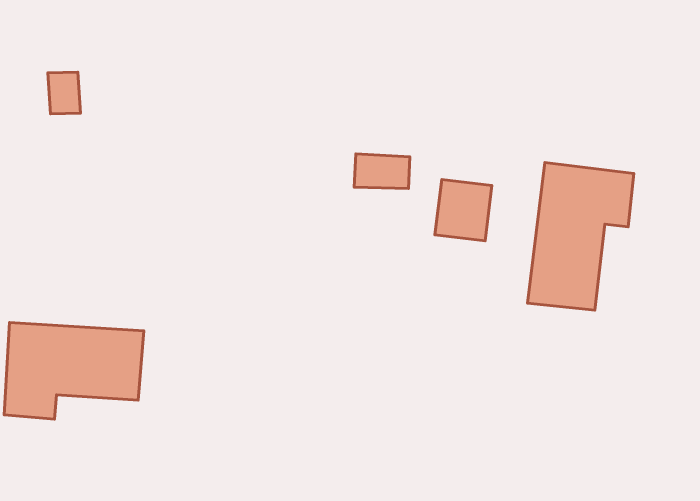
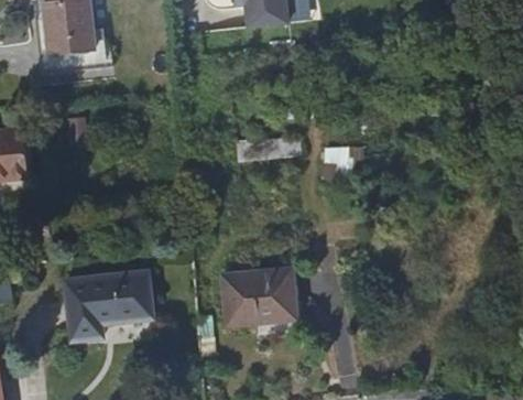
building: [528,162,634,310] -> none
building: none -> [231,274,304,325]

